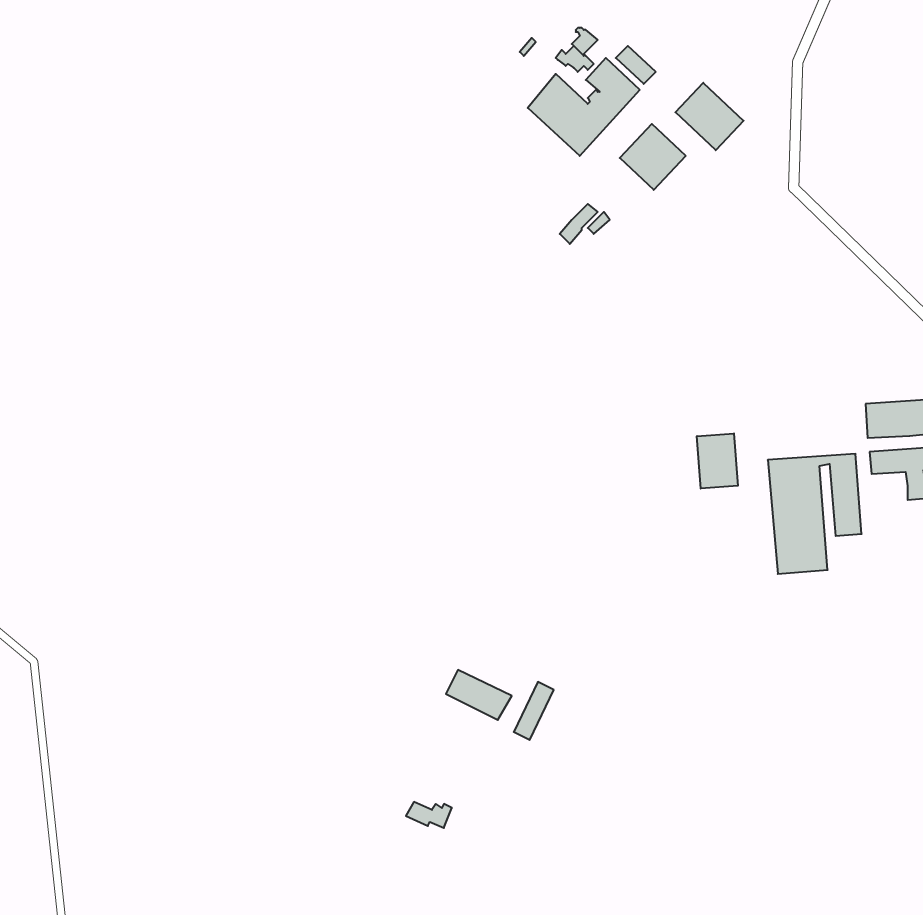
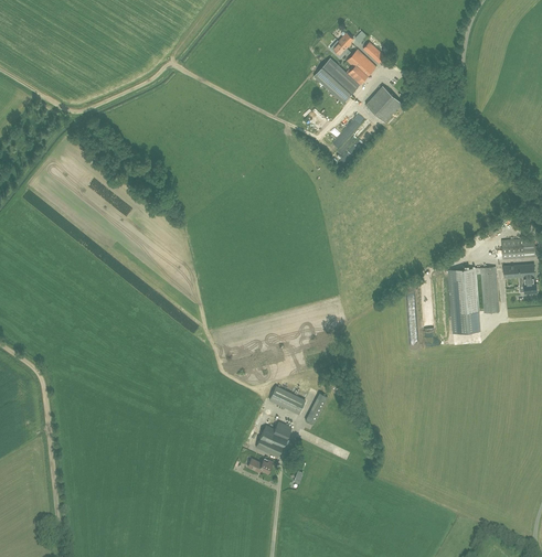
building: [675,83,744,150] -> none
building: [697,433,738,489] -> none
building: none -> [256,421,293,457]

